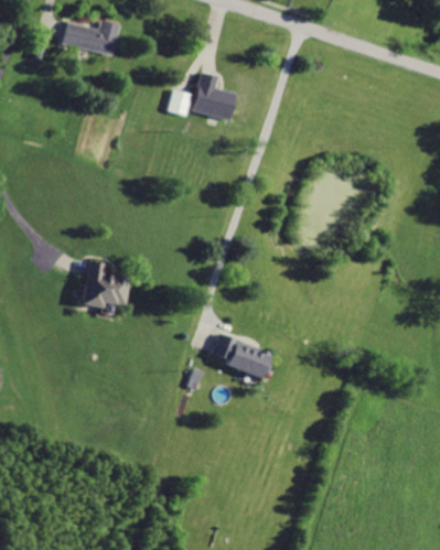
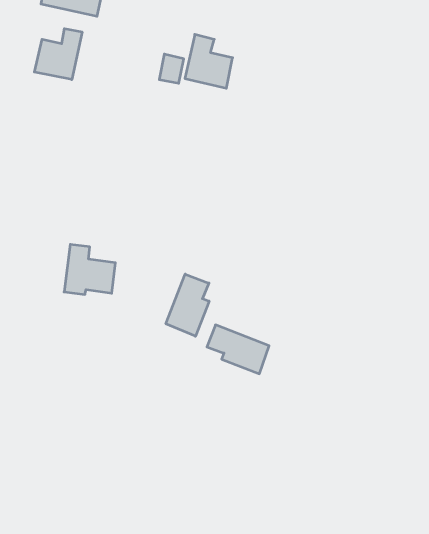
building: none -> [34,29,82,80]
building: none -> [166,274,209,336]

